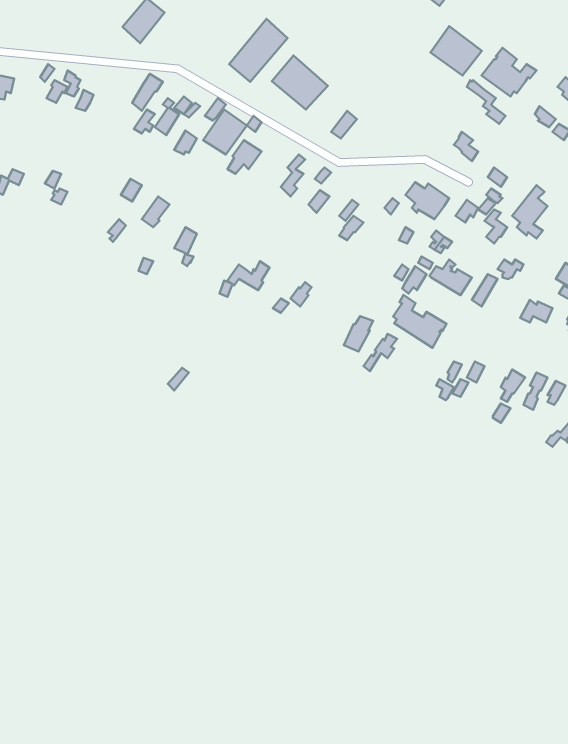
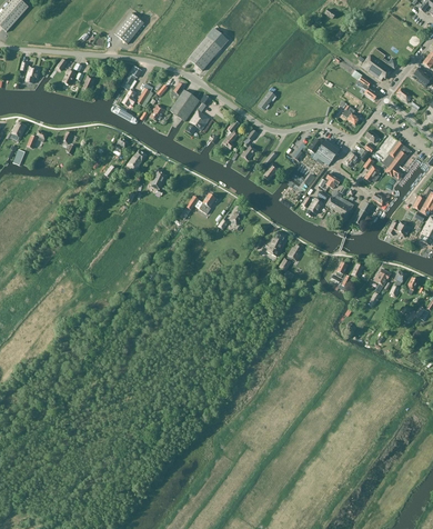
building: [430,26,482,75] -> none
building: [272,56,328,109] -> none
building: [393,295,446,348] -> none

